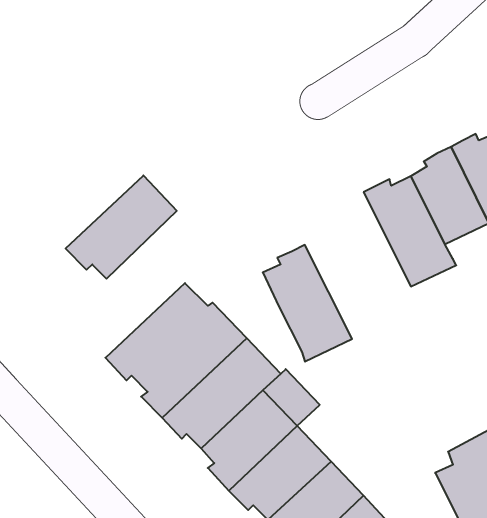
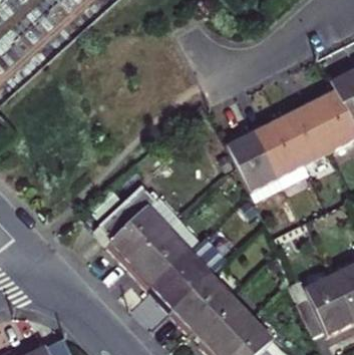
building: [66,175,177,279] -> none
building: [263,245,352,362] -> [227,130,282,203]

